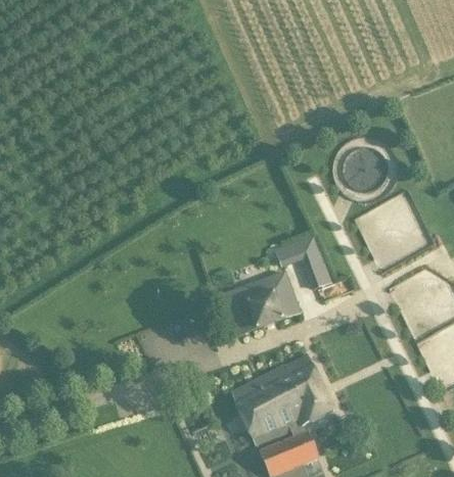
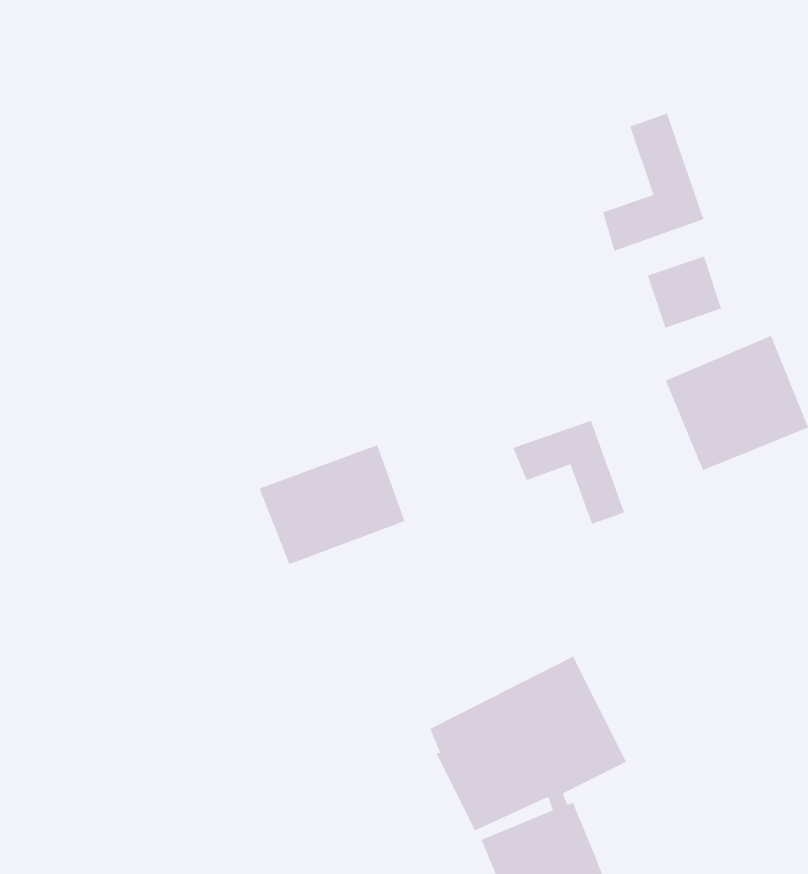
building: none -> [602,112,705,252]
building: [223,273,299,335] -> [259,444,406,565]

